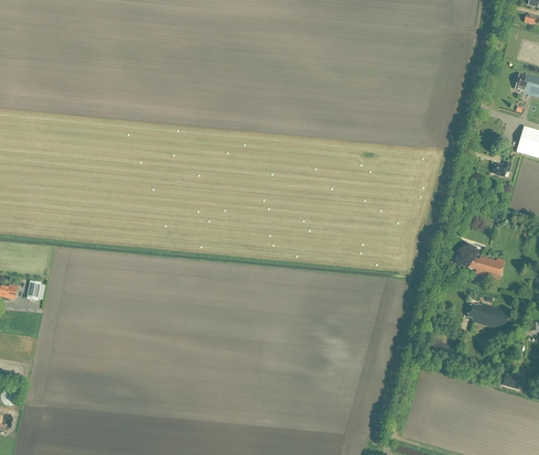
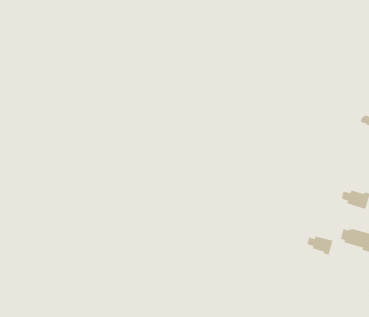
building: none -> [307,236,333,255]

